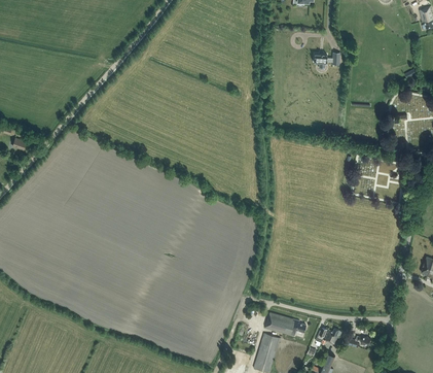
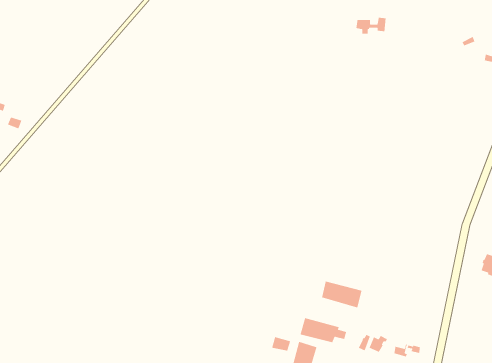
building: none -> [321,280,363,309]

